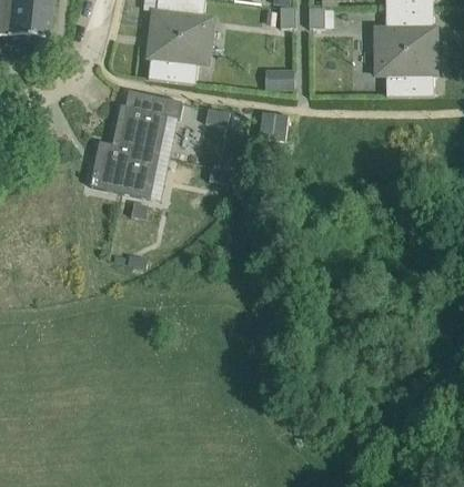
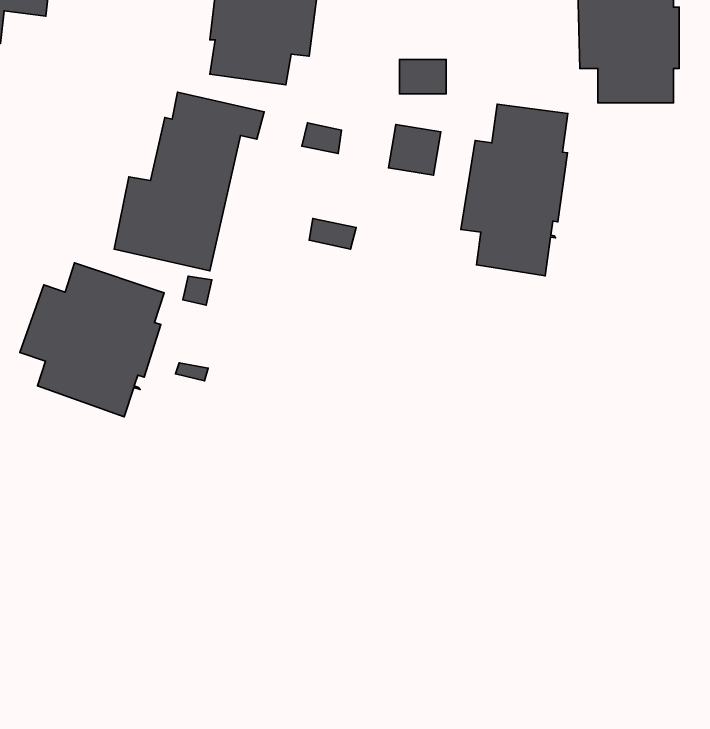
building: none -> [461,104,568,276]
building: none -> [20,263,164,417]

